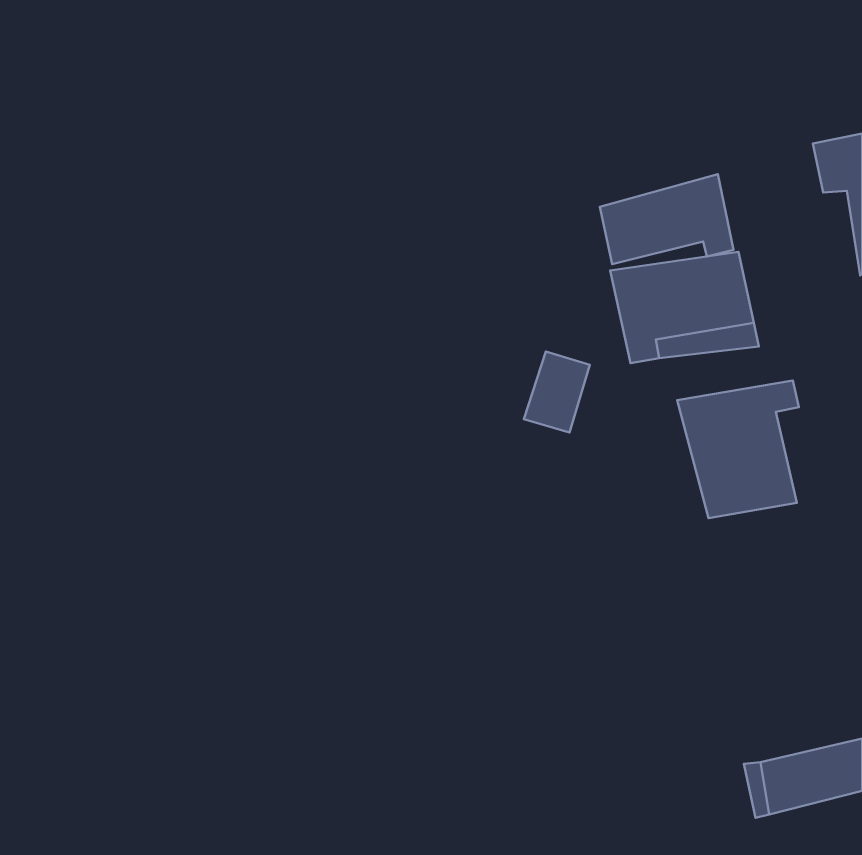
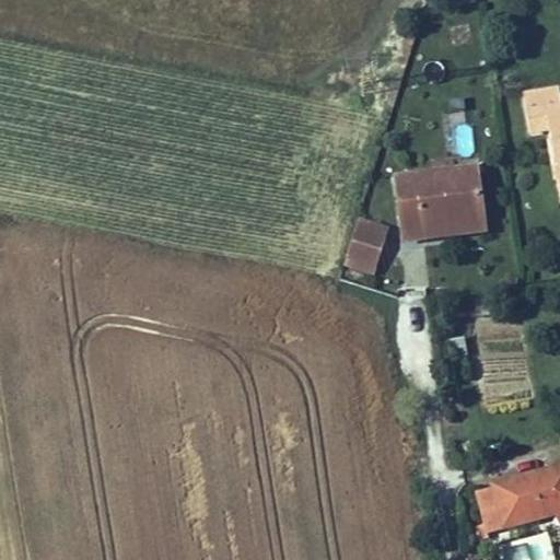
building: [600,174,734,264] -> none
building: [677,381,799,518] -> none

